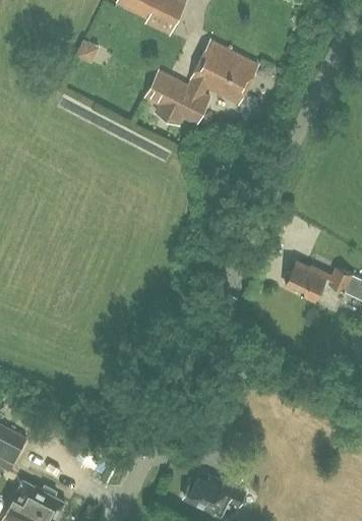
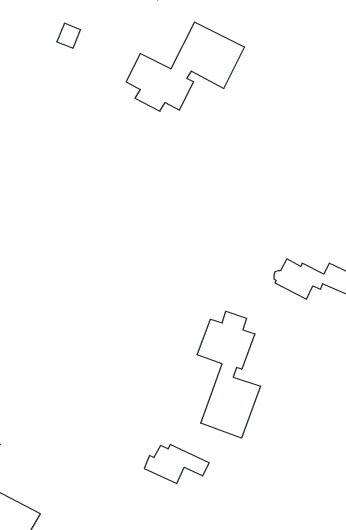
building: none -> [197,311,261,438]
building: [183,475,244,512] -> [144,445,209,484]

